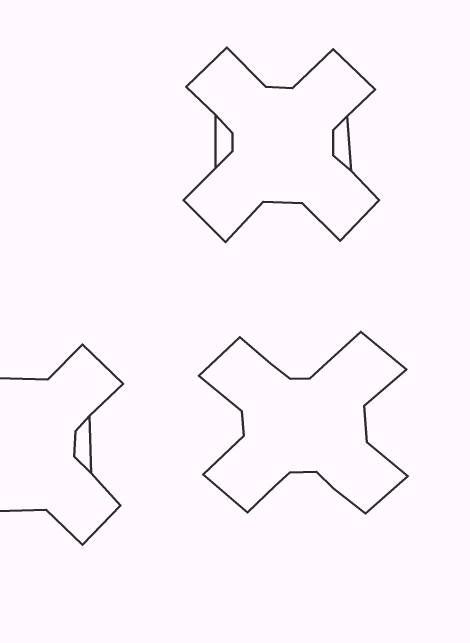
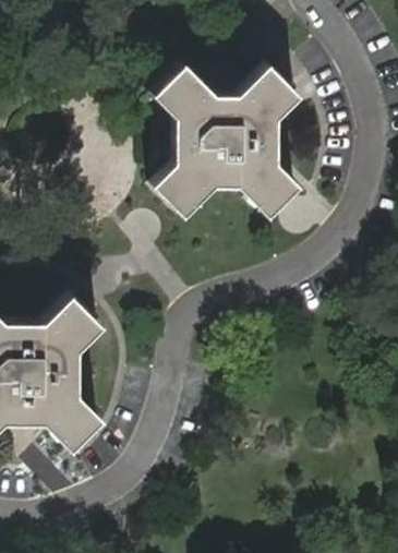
building: [199,332,408,514] -> none

